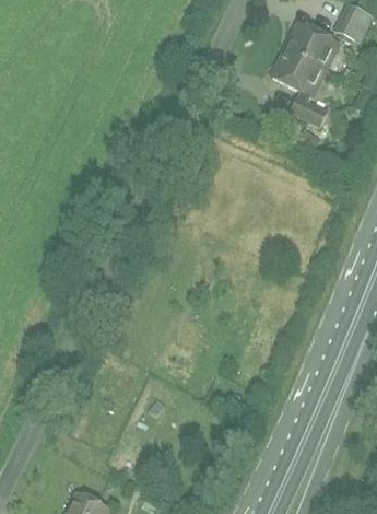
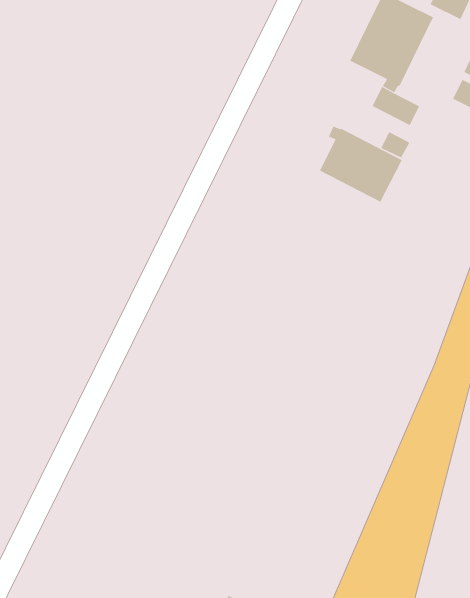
building: none -> [319,126,402,203]

